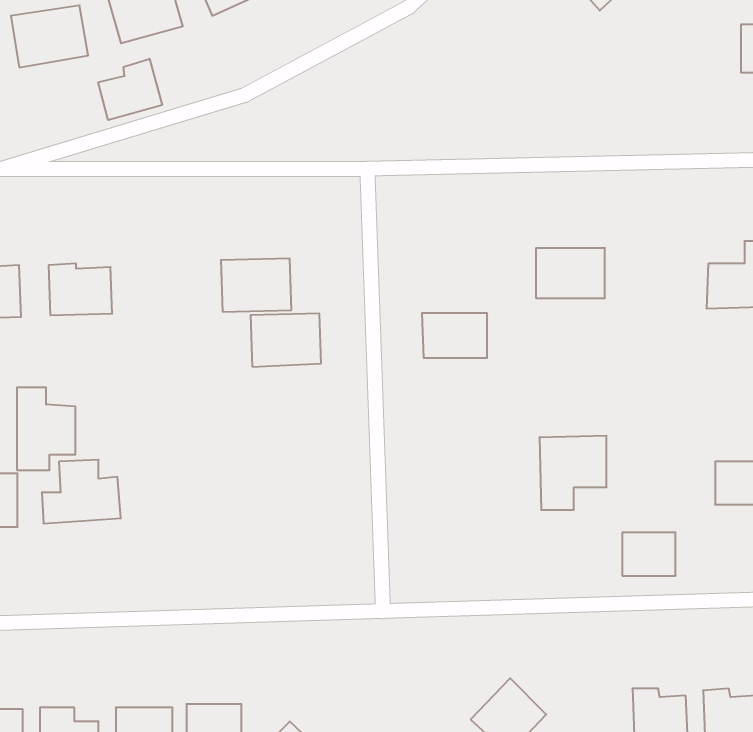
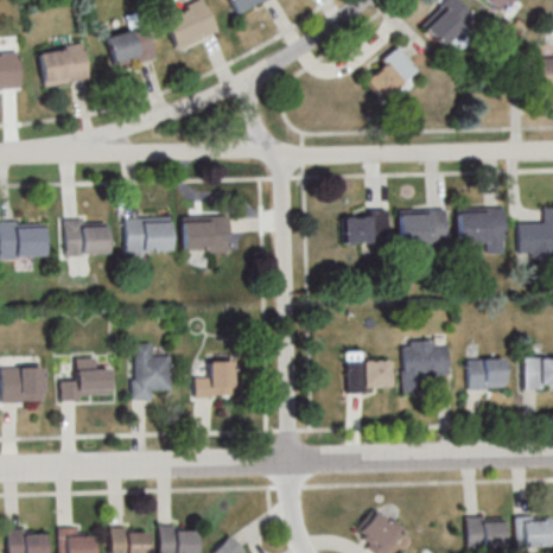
building: none -> [366,47,419,104]
building: [98,59,162,120] -> none
building: none -> [459,206,506,253]
building: [422,313,487,358] -> [344,212,389,243]
building: [250,313,321,367] -> [125,218,173,255]
building: [17,387,75,470] -> [133,343,173,400]
building: none -> [348,351,393,390]
building: none -> [196,361,237,396]
building: [622,533,676,576] -> [470,358,507,388]

